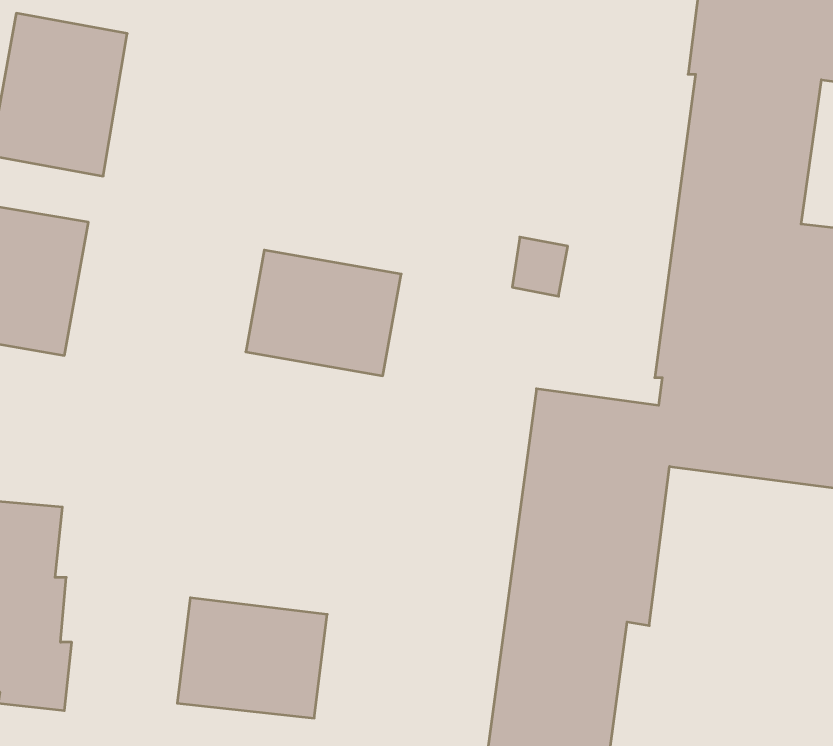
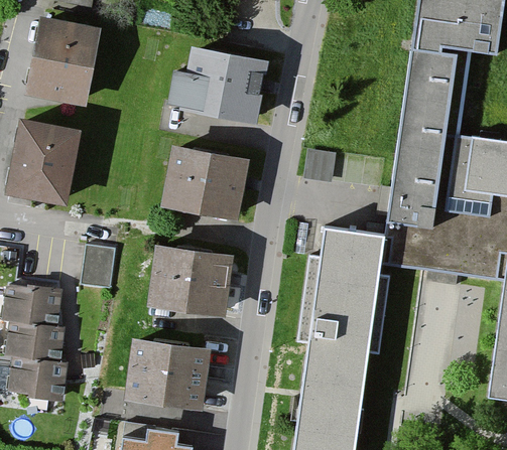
building: none -> [165,50,268,128]
building: none -> [147,243,231,314]
building: none -> [84,248,118,288]

